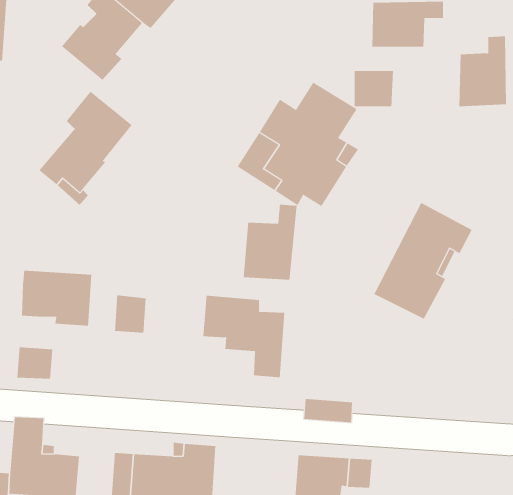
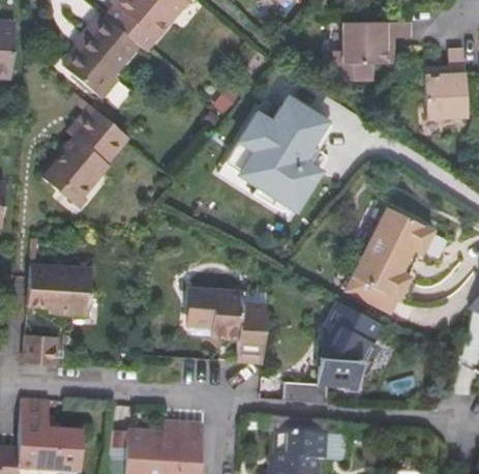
building: [354,70,393,107] -> none
building: [243,204,297,281] -> none
building: [115,294,146,333] -> none
building: none -> [317,299,381,391]

